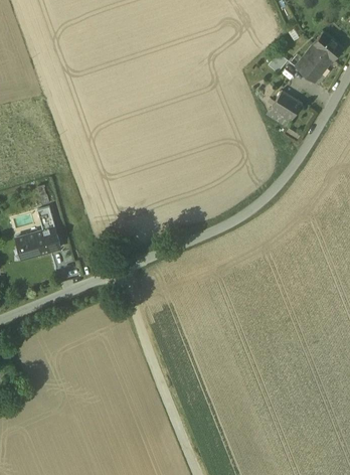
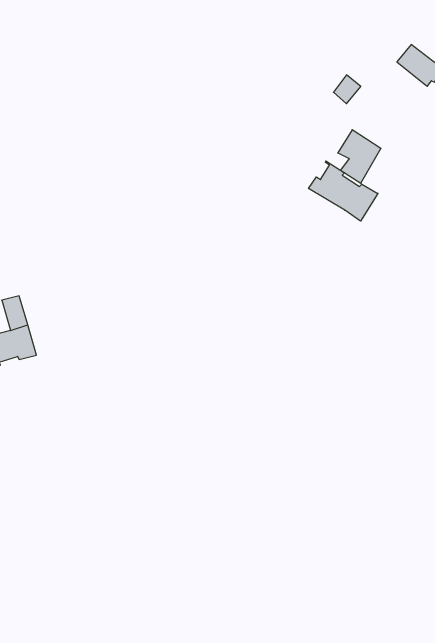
building: [294,44,332,84] -> none
building: none -> [309,161,378,221]

